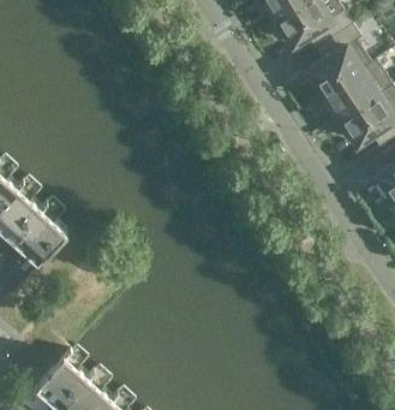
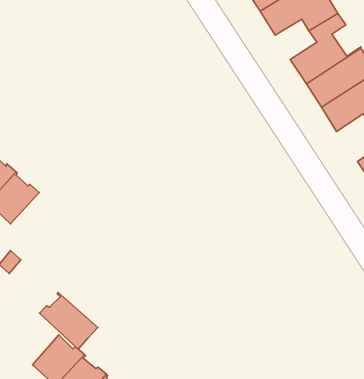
building: [12,210,65,265] -> none
building: none -> [40,293,98,349]

